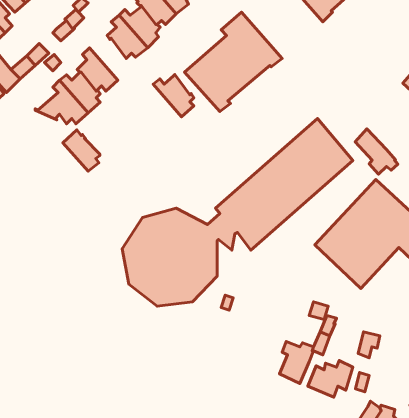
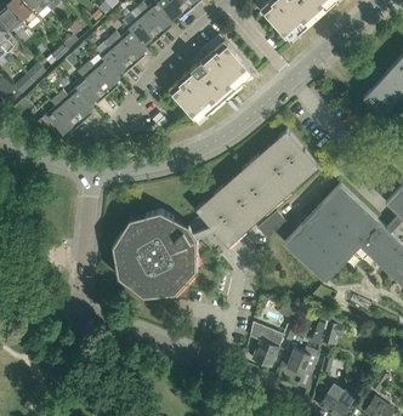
building: [153,75,194,117] -> [83,58,119,96]
building: [355,129,398,174] -> none
building: [63,130,100,171] -> none

